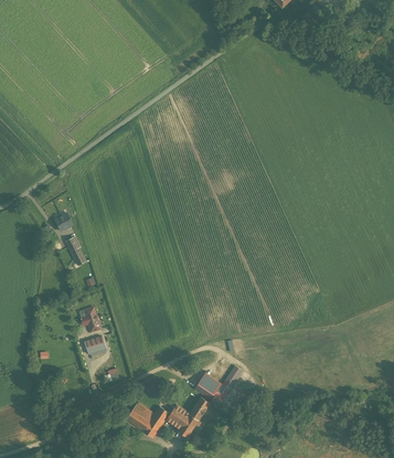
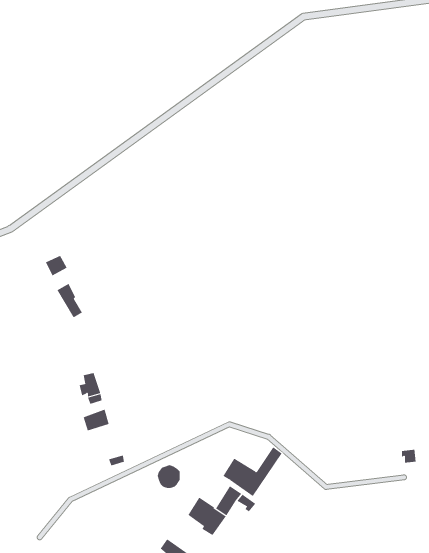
building: [127,405,170,438] -> none

